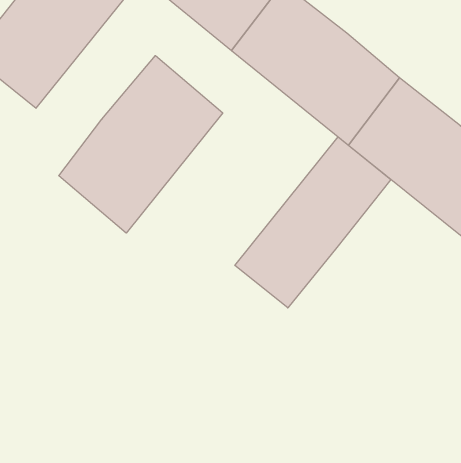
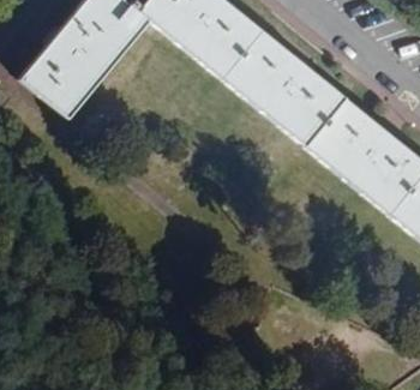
building: [59,56,223,233] -> none
building: [235,137,391,308] -> none

